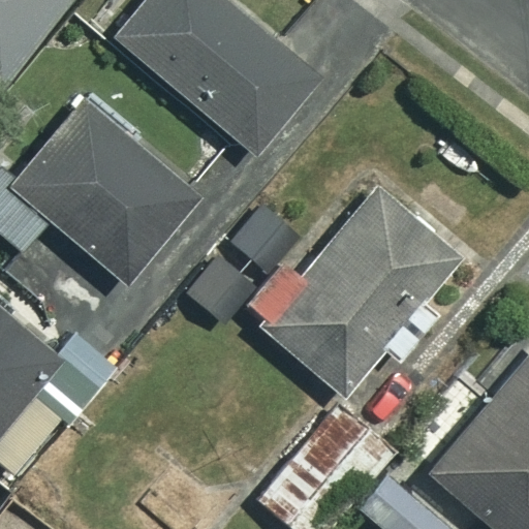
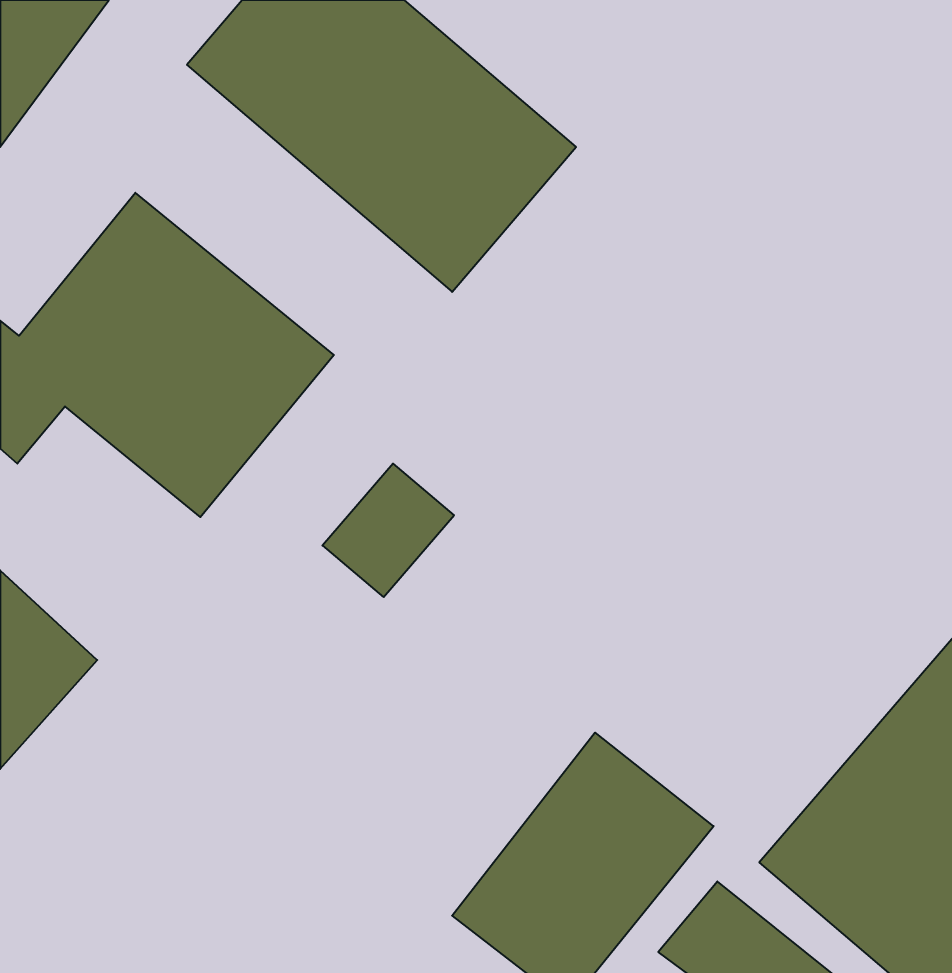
building: [240,185,461,396] -> none

